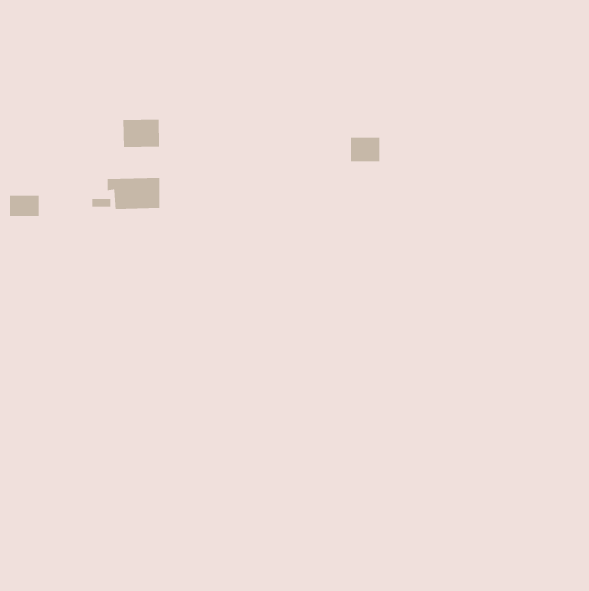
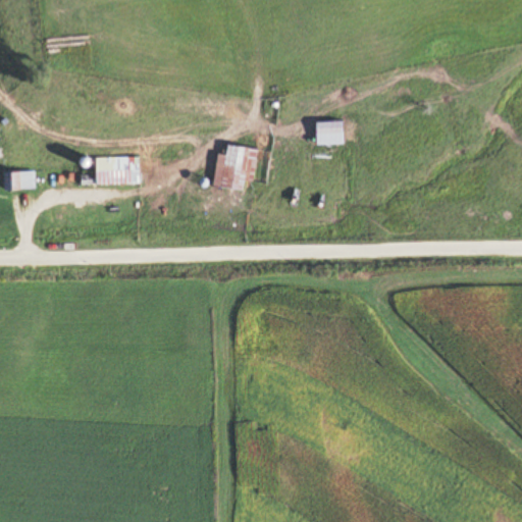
building: [122,119,160,148] -> none
building: none -> [214,145,257,190]

